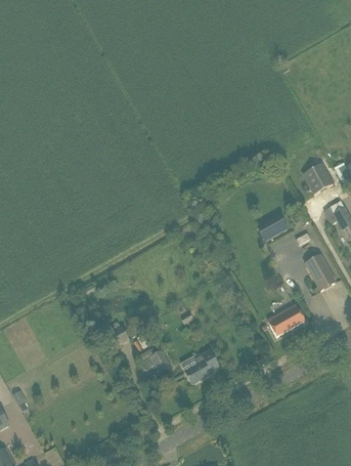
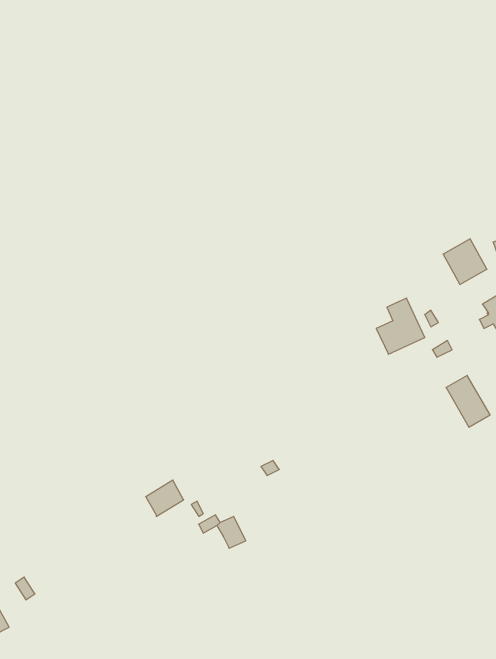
building: [269,304,304,336] -> none
building: [184,349,220,384] -> none

